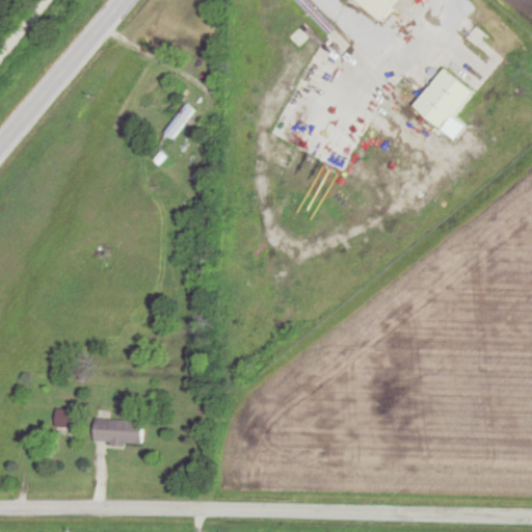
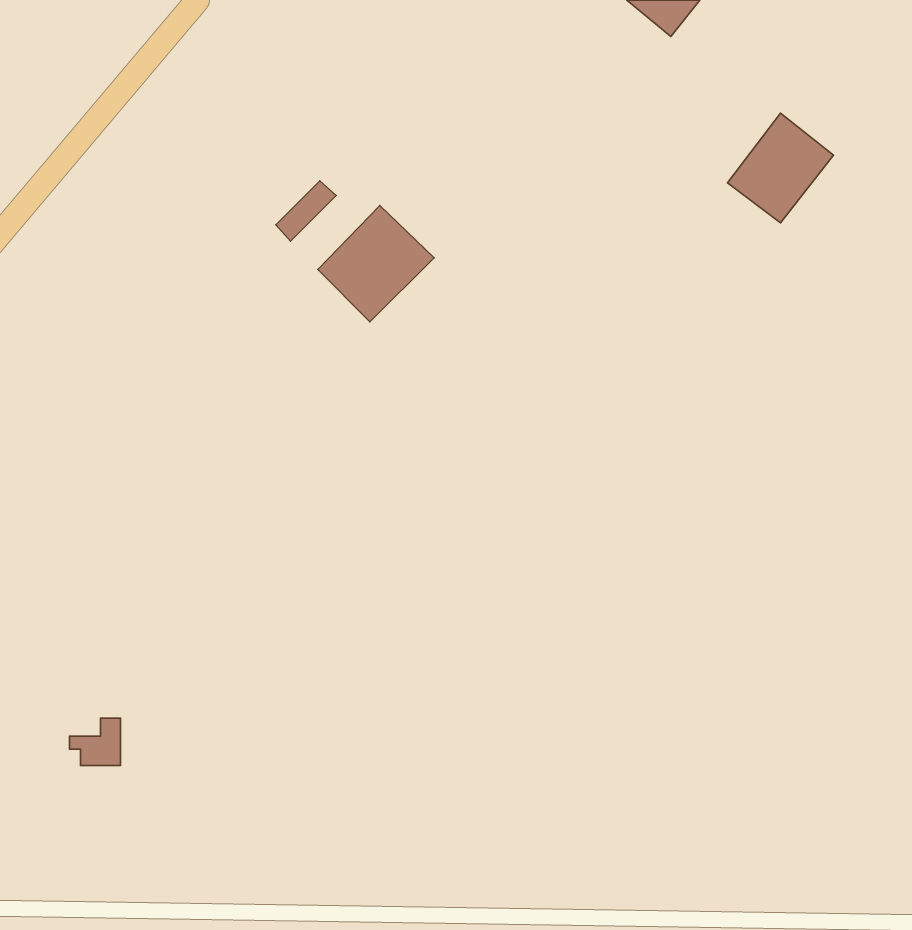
building: none -> [318,205,434,322]
building: [89,420,142,446] -> none

